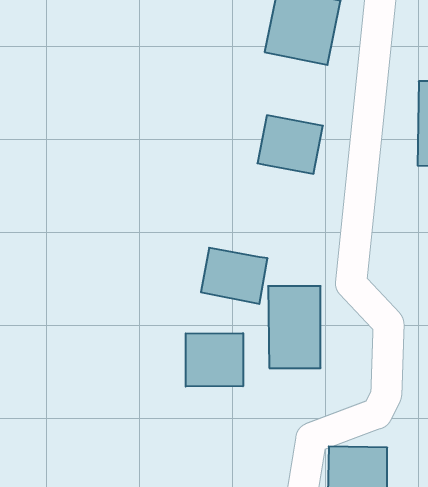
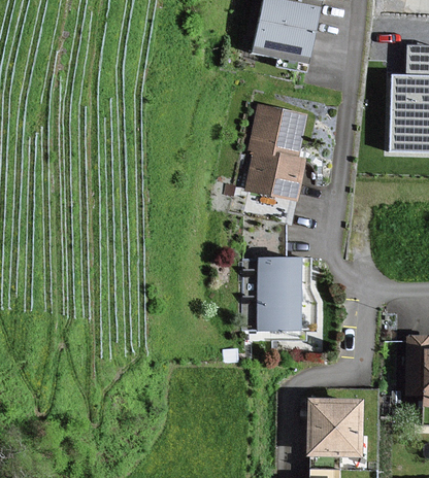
building: [201,248,268,304] -> [245,150,304,200]
building: [186,333,243,387] -> none

